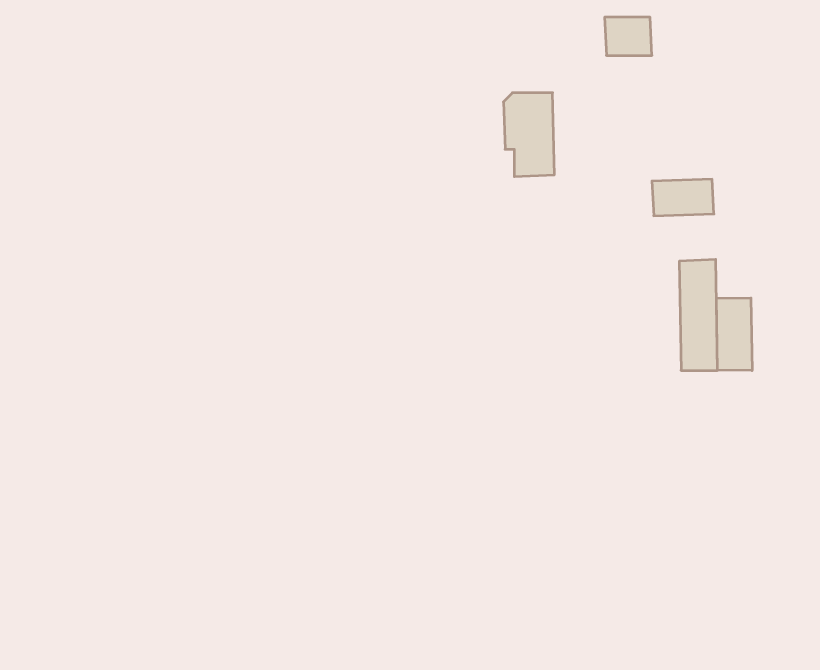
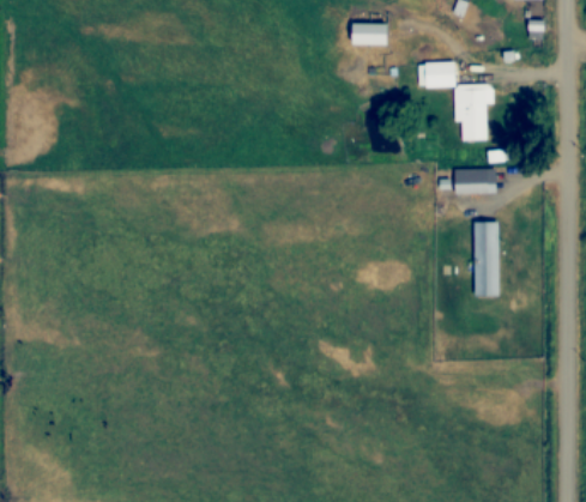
building: [503,93,554,177] -> [454,84,488,139]
building: [716,298,752,371] -> none

